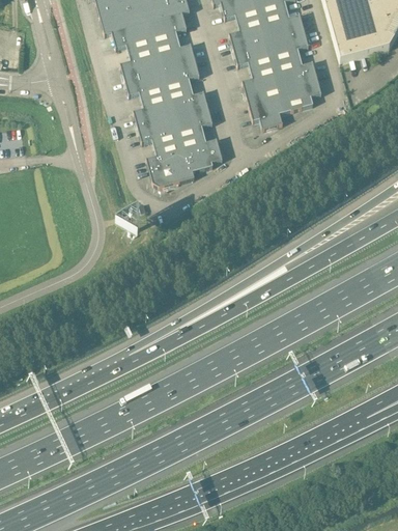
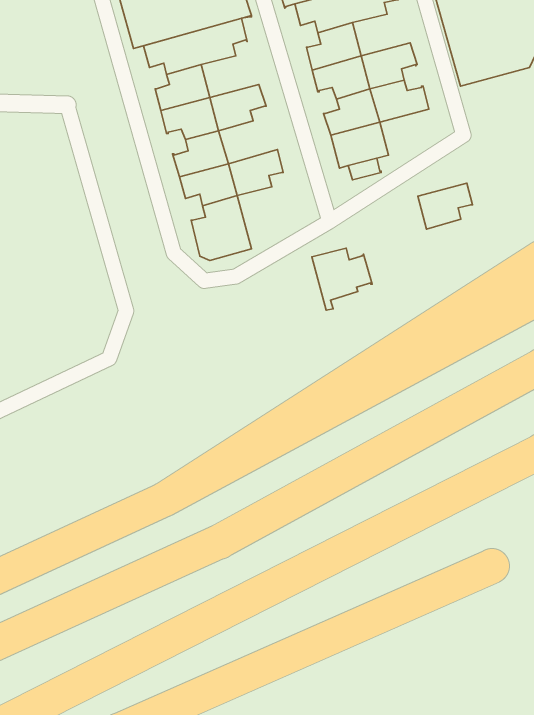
building: [263,10,305,40] -> none
building: [154,40,196,71] -> none
building: [283,79,322,112] -> [418,183,472,229]
building: [167,87,209,118] -> none
building: [180,135,224,179] -> [312,248,372,310]

